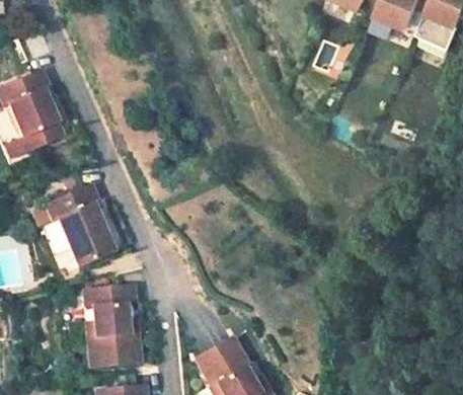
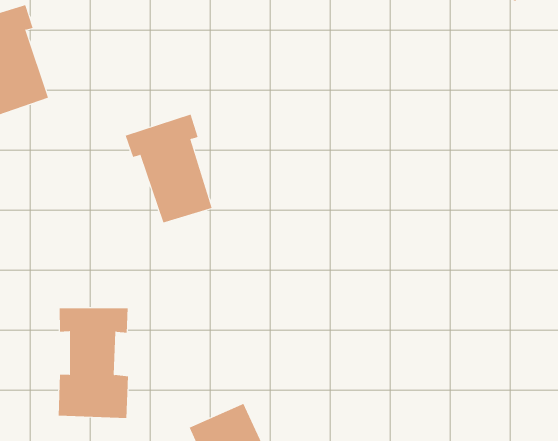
building: [38,185,106,265] -> [125,114,213,223]

